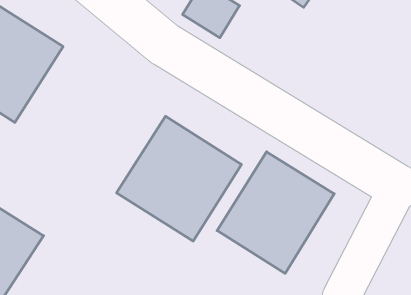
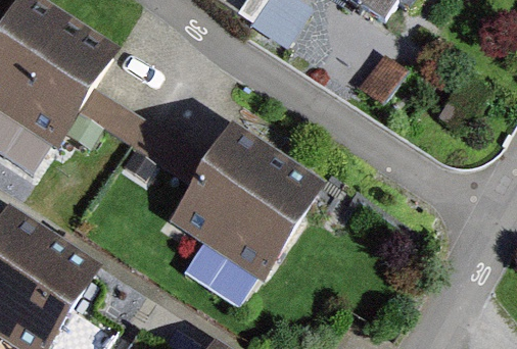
building: [217,152,334,273] -> none

